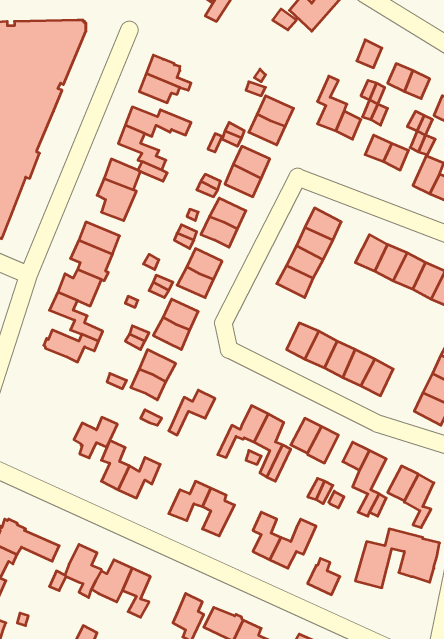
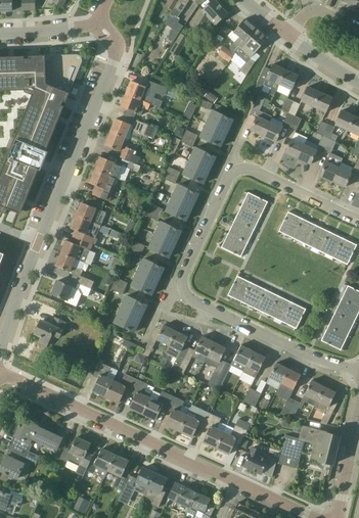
building: none -> [252,63,284,95]
building: none -> [164,330,187,371]
building: [74,417,117,458] -> [34,316,65,345]
building: none -> [129,378,149,414]
building: none -> [178,408,209,436]
building: none -> [121,467,153,495]

